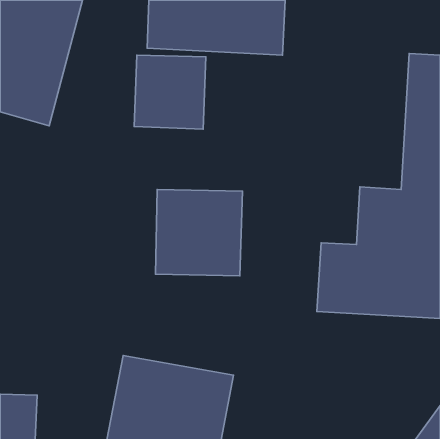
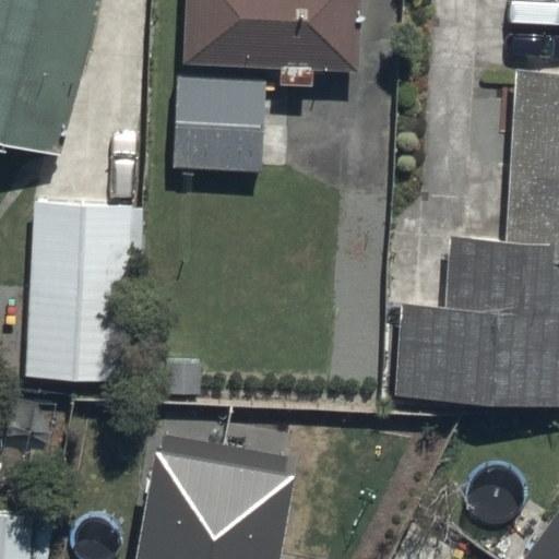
building: none -> [24,197,141,372]
building: [156,189,243,276] -> none

